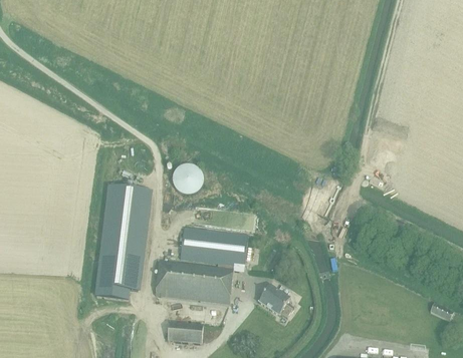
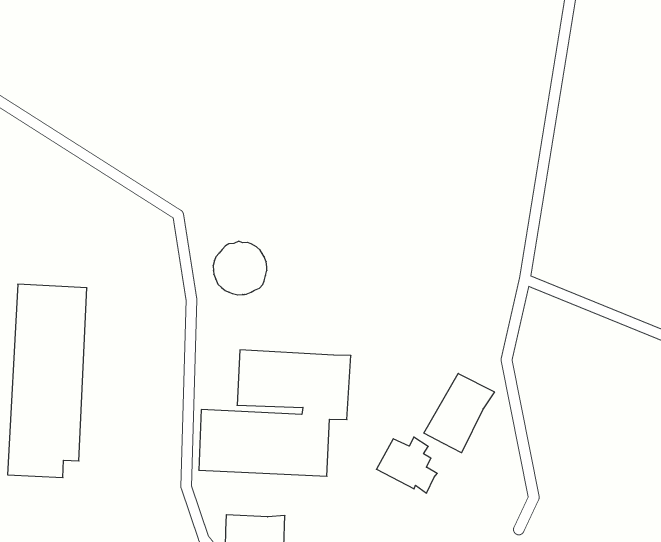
building: [95,186,150,300] -> [8,284,87,478]
building: none -> [424,373,494,453]

